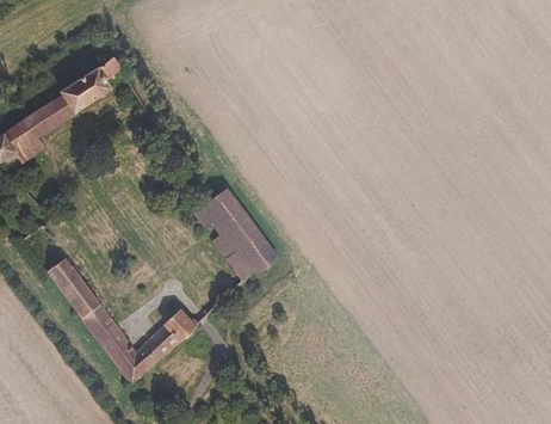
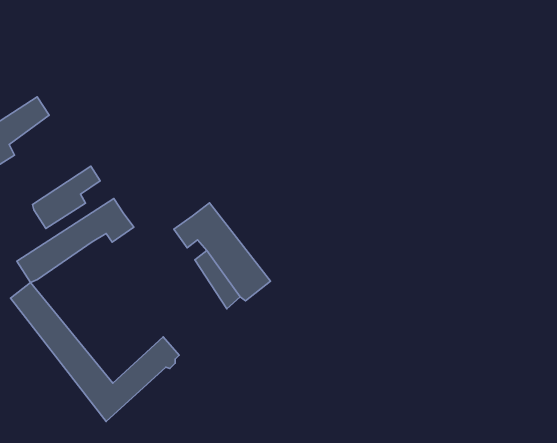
building: [68,51,129,107] -> [33,166,100,229]
building: none -> [17,198,134,282]

